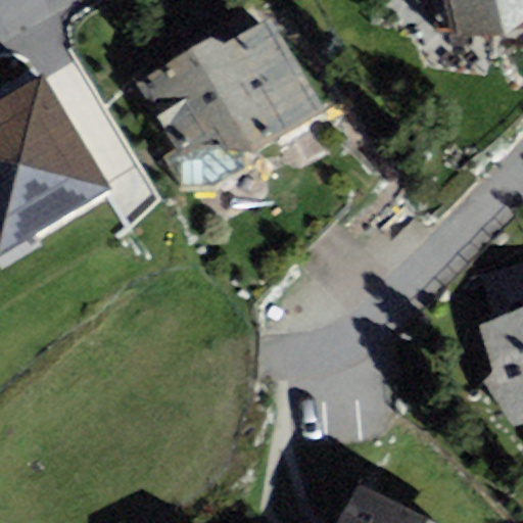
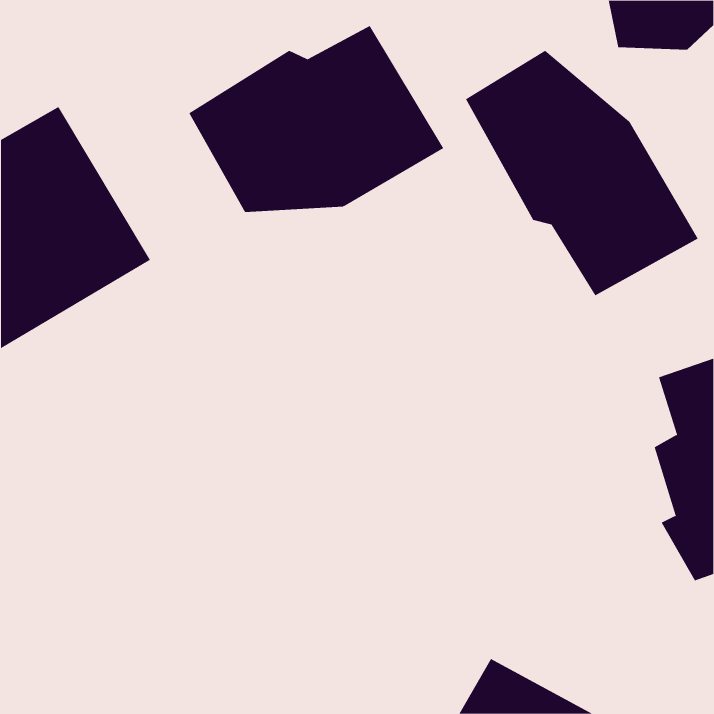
building: none -> [465,50,699,296]

